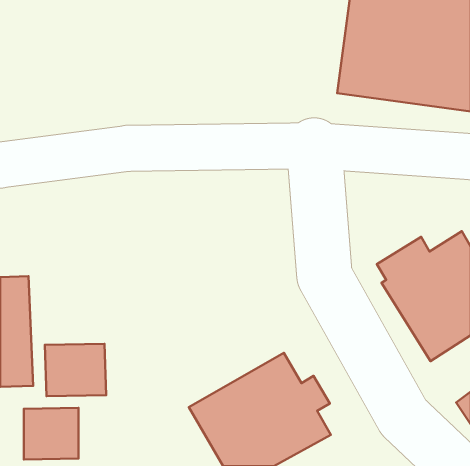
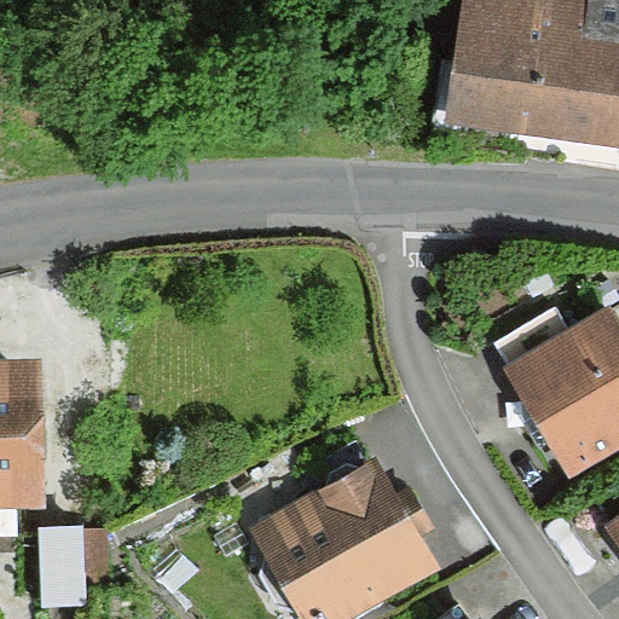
building: [45,344,106,396] -> none

